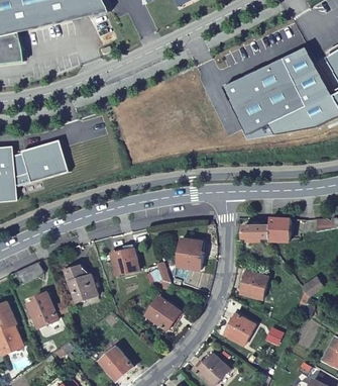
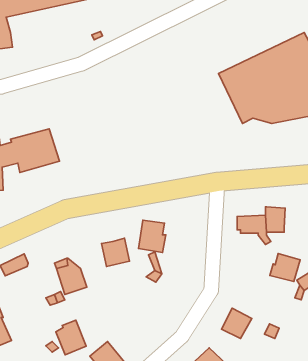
building: [176,236,202,268] -> [139,220,166,253]
building: [237,269,266,296] -> [270,253,300,282]
building: [27,291,57,324] -> [56,320,86,355]
building: [146,296,180,329] -> none

